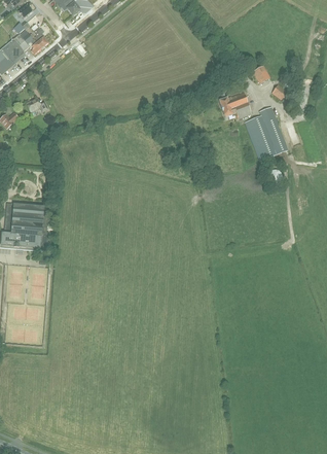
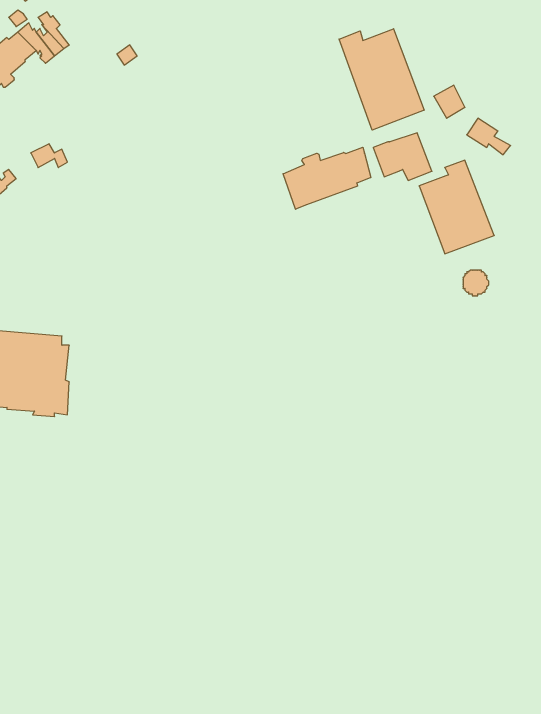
building: none -> [339,29,424,130]
building: none -> [283,147,371,209]

